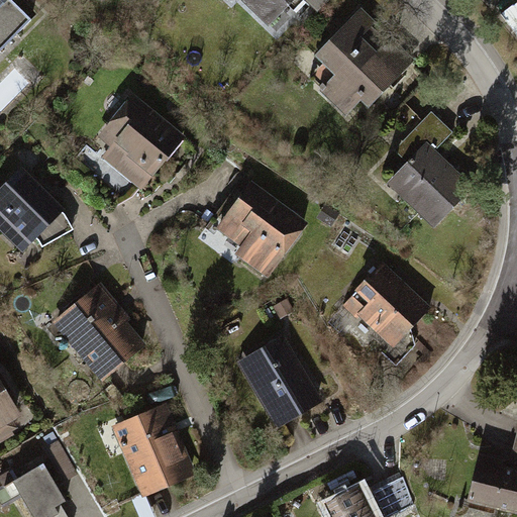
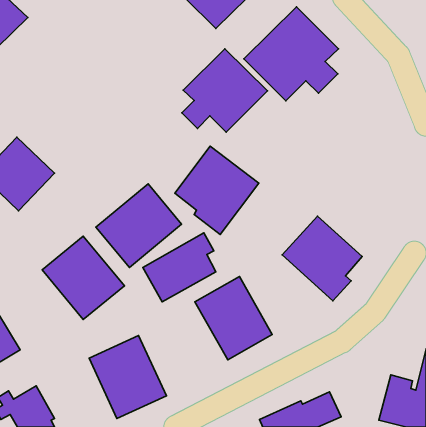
building: none -> [182,49,267,132]
building: [92,87,191,190] -> none
building: [378,110,468,232] -> none
building: none -> [96,184,182,268]
building: none -> [143,233,216,302]

